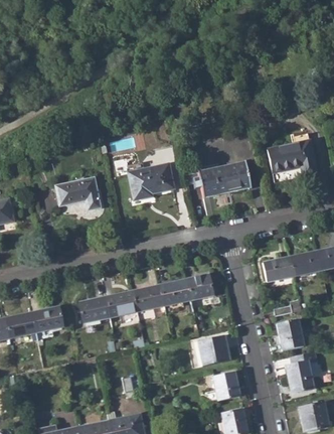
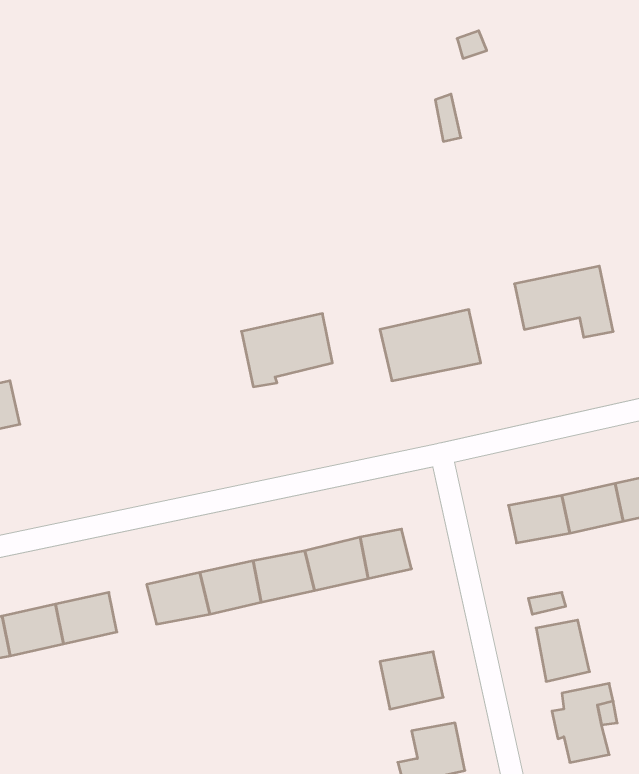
building: [55,178,101,210] -> none

